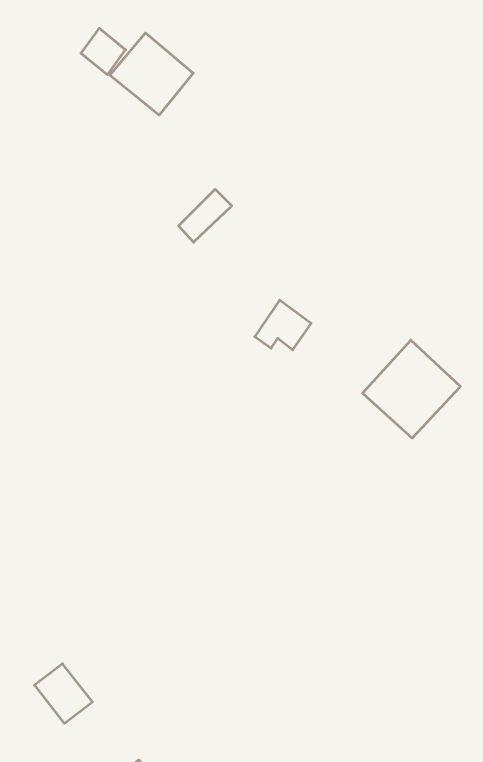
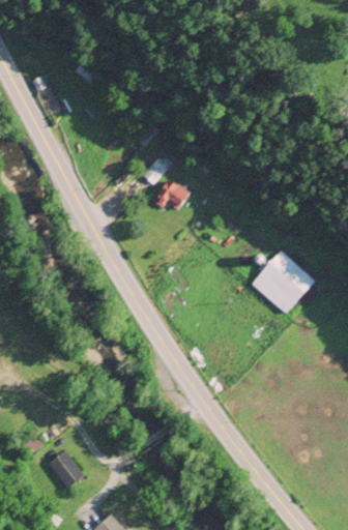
building: [110,33,193,115] -> none
building: [255,300,311,350] -> [154,178,190,209]

